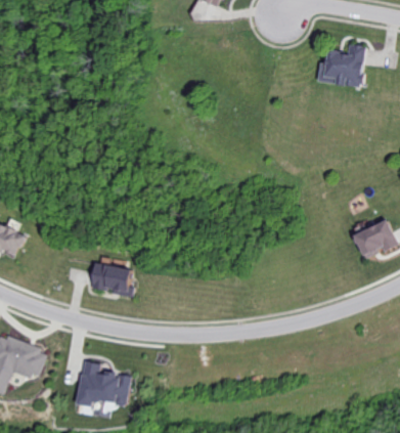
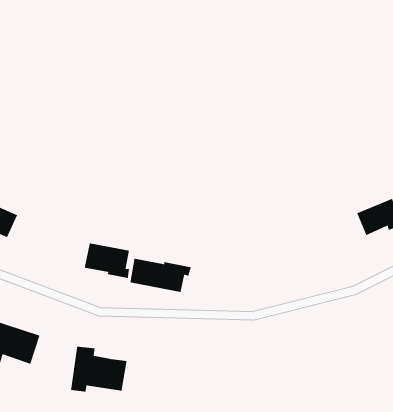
building: [318,44,365,88] -> none
building: none -> [130,258,192,293]

